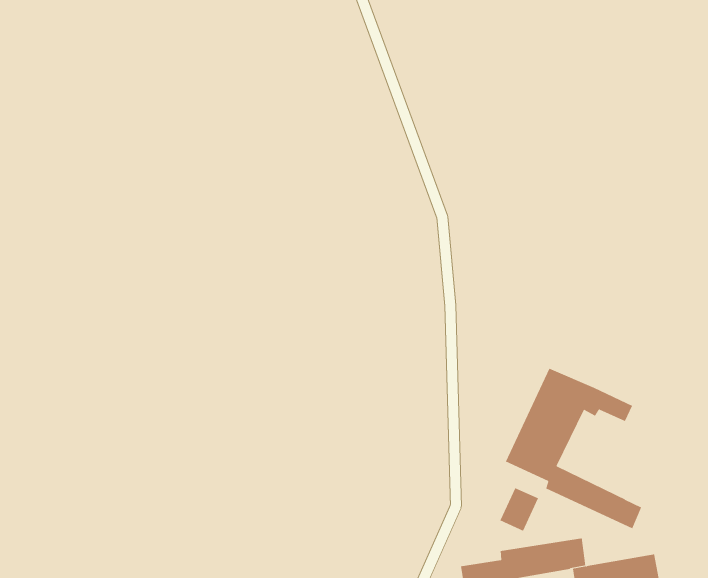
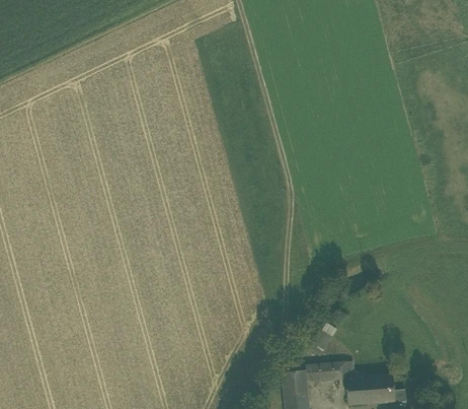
building: [505,368,642,529] -> none

